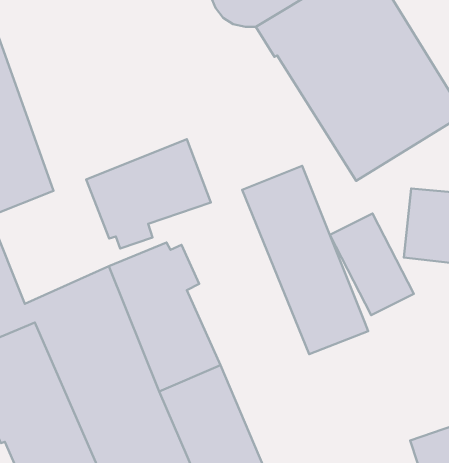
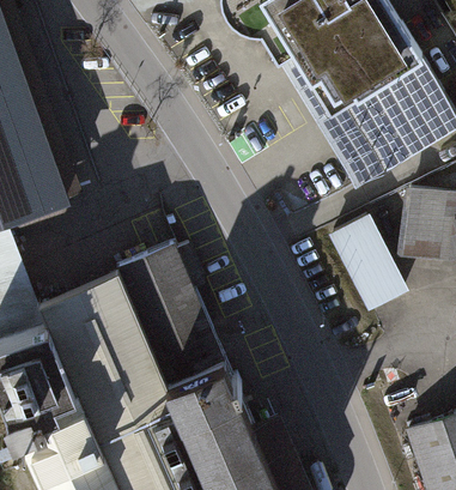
building: [86,139,211,248] -> none
building: [242,166,368,354] -> none

